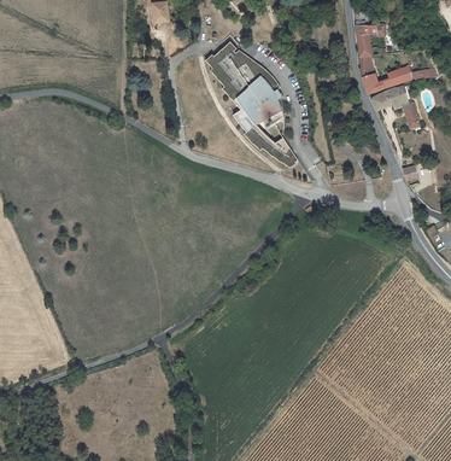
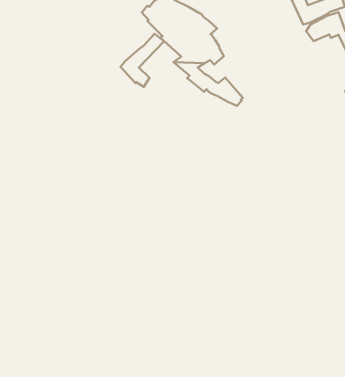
building: none -> [120,34,164,87]

